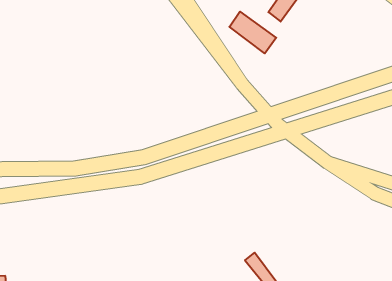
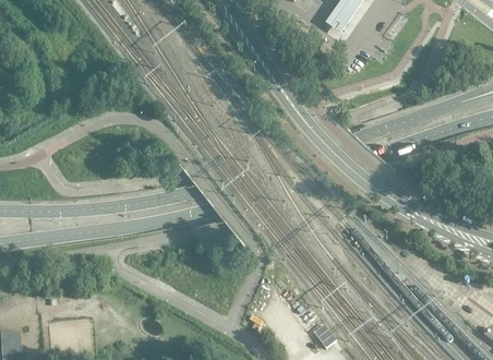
building: [229,12,276,53] -> none

